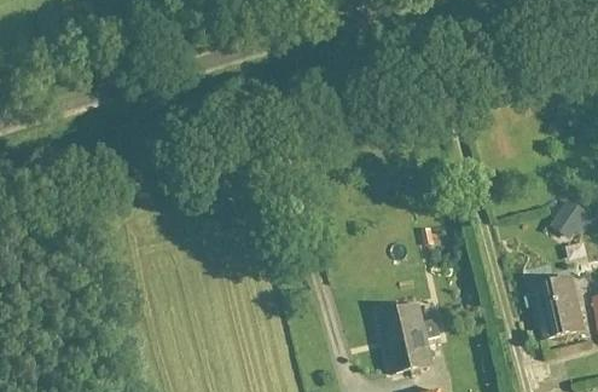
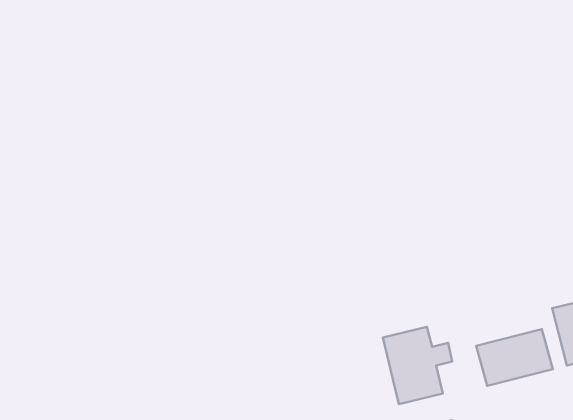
building: none -> [476,329,553,386]

